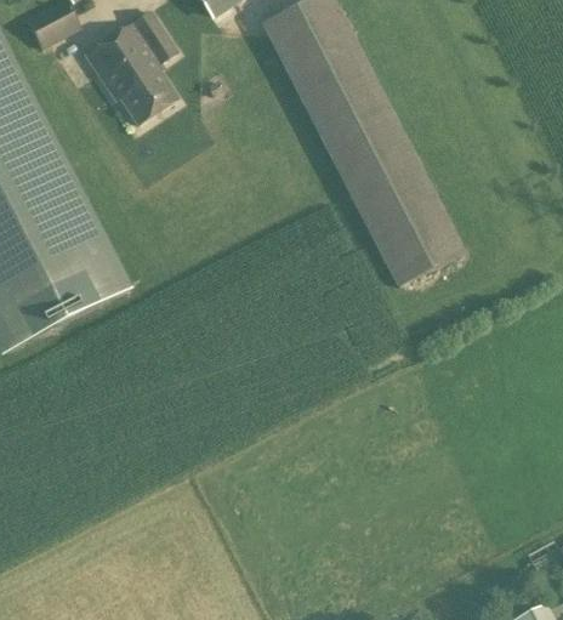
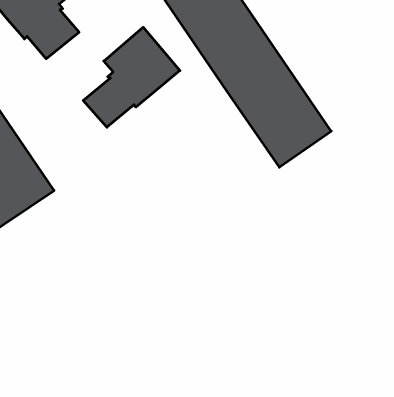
building: none -> [83,27,180,127]

